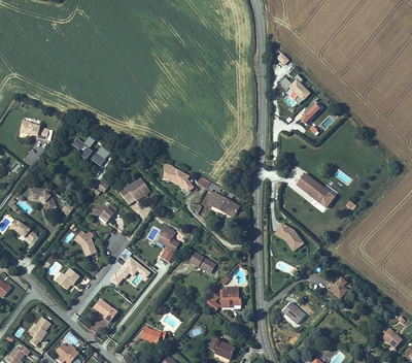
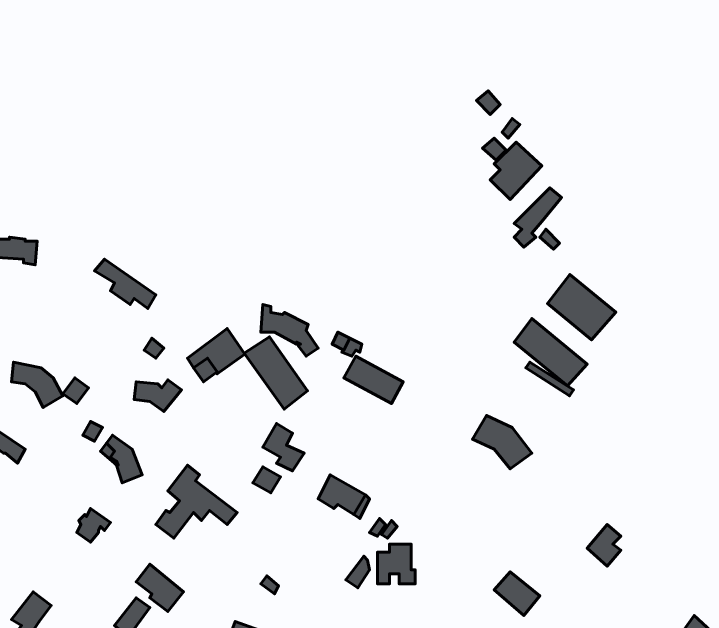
building: none -> [548,274,616,340]
building: none -> [244,337,308,409]

